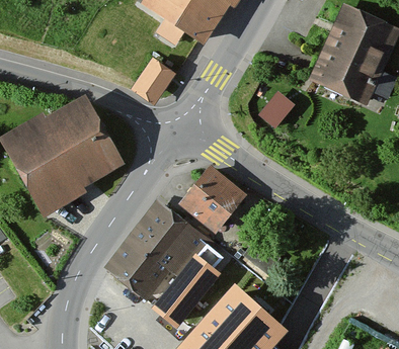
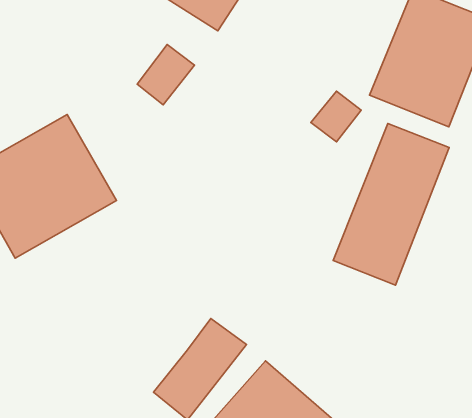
building: none -> [333,124,449,285]
building: [180,168,246,234] -> none
building: [103,195,208,297] -> none

